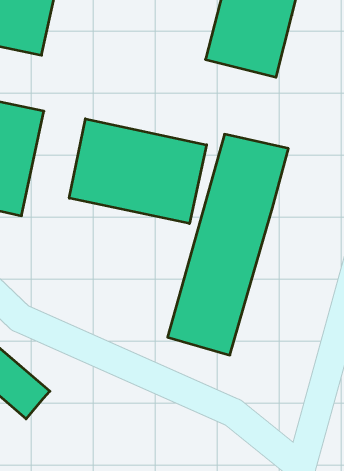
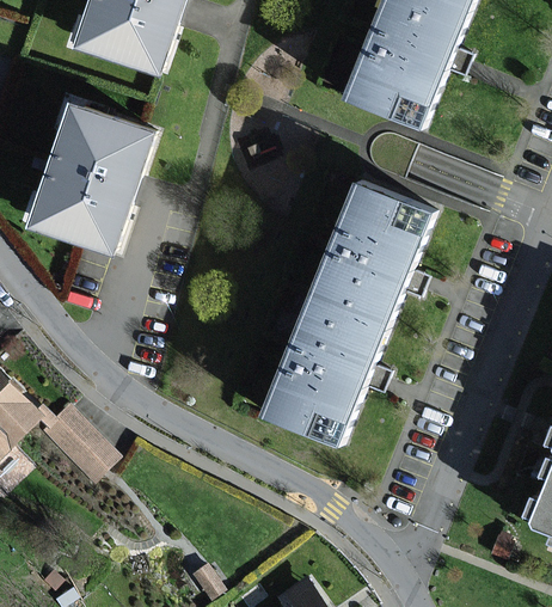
building: [69,119,207,224] -> none

